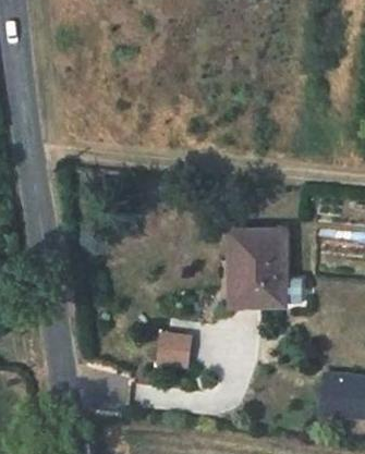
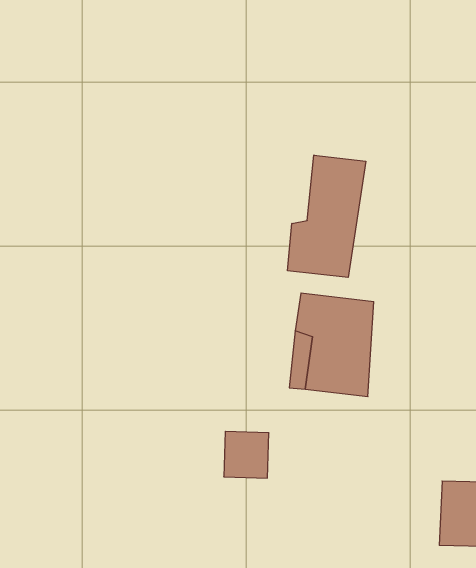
building: none -> [288,155,366,277]

